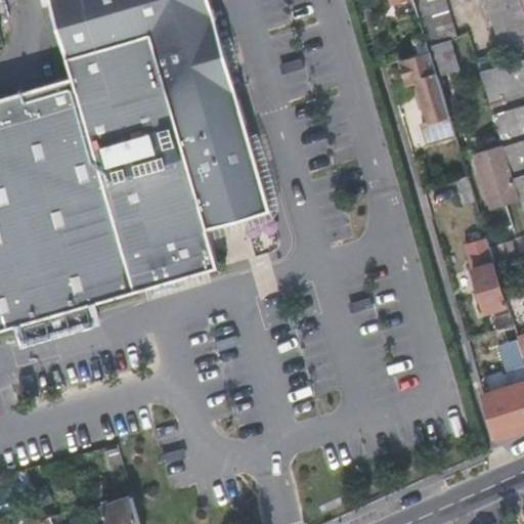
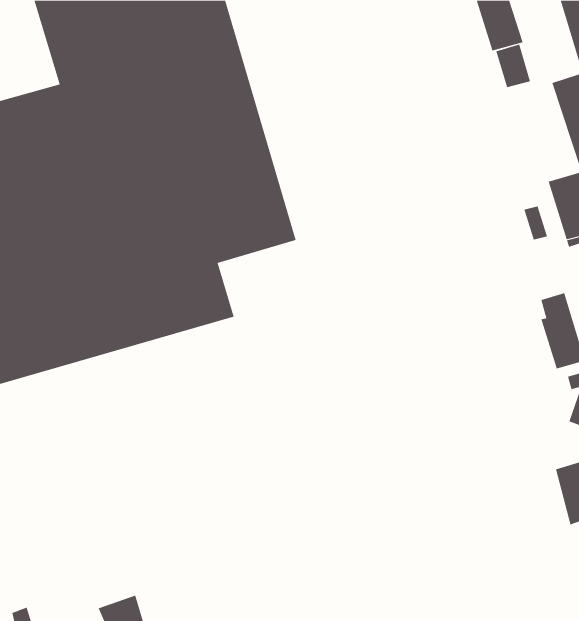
building: [398,50,454,141] -> none

